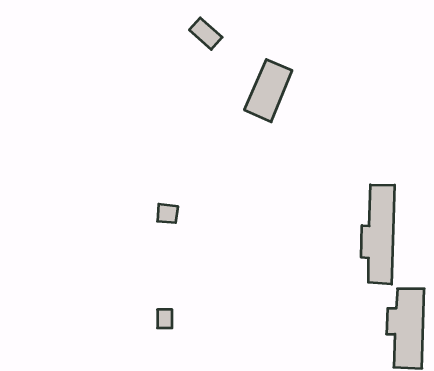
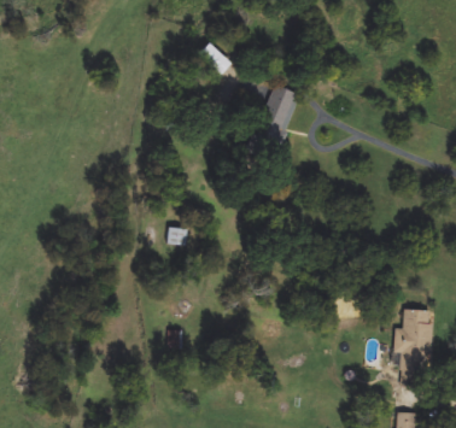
building: [361,185,395,284] -> none

